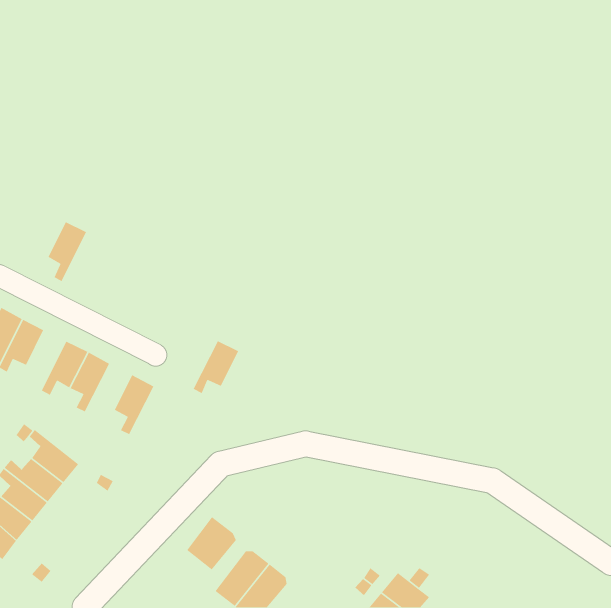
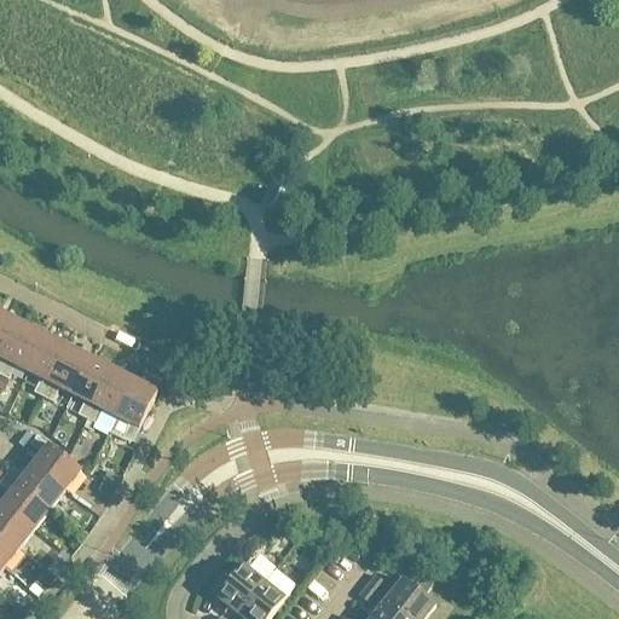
building: [48,221,87,282] -> [27,332,66,394]
building: [192,340,239,394] -> [86,366,133,421]
building: [186,516,237,571] -> none

